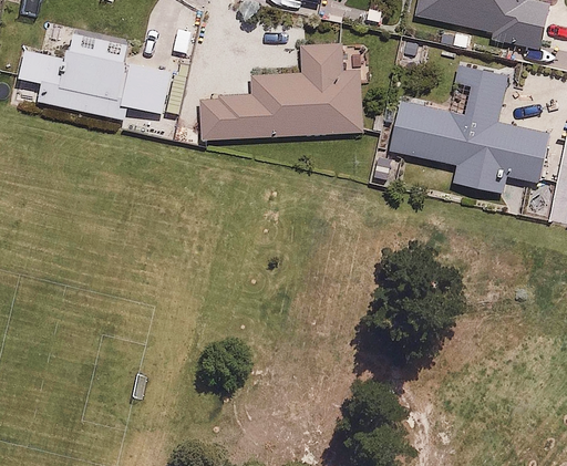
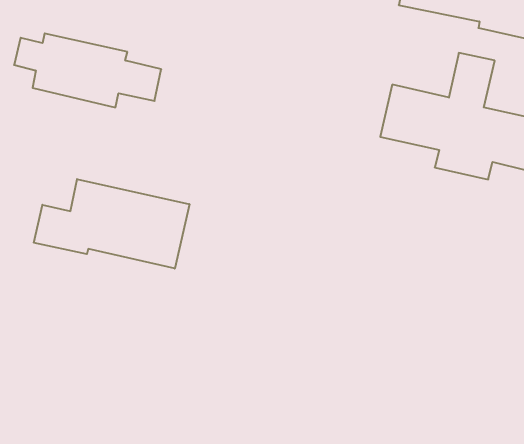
building: [198,41,361,141] -> none
building: none -> [34,179,189,269]

